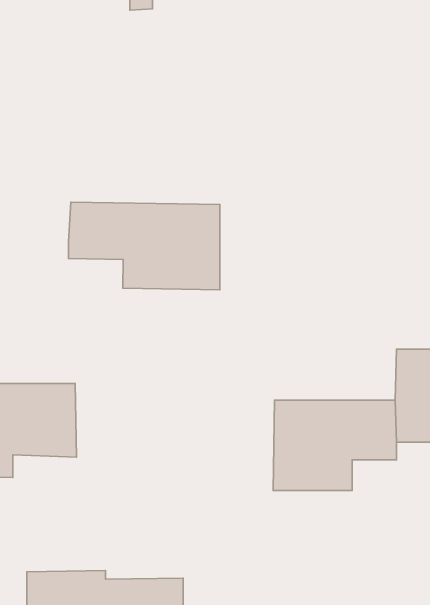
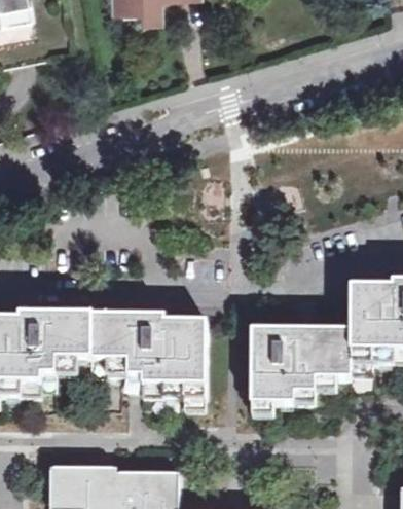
building: [68,202,220,290] -> none
building: none -> [94,318,209,398]

